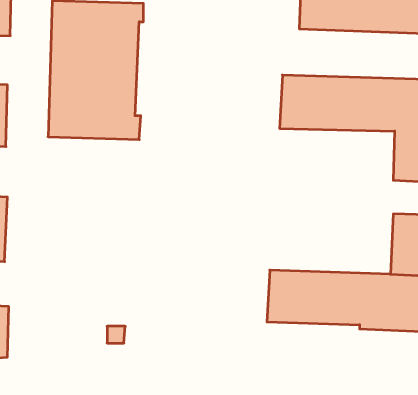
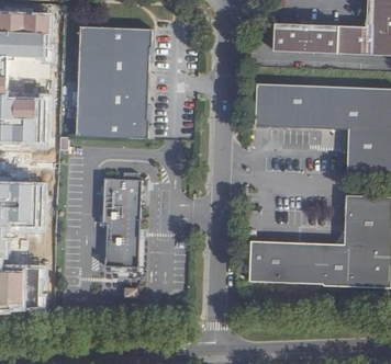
building: none -> [101,171,147,269]

